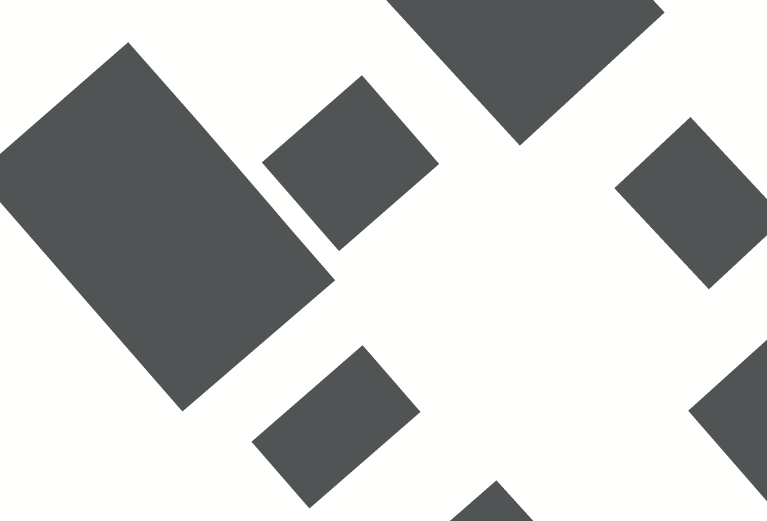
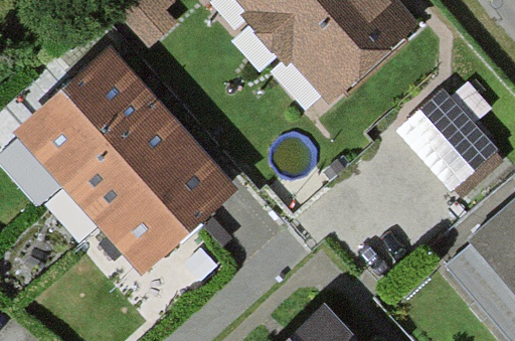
building: [261,74,440,252] -> none
building: [251,344,421,510] -> none

